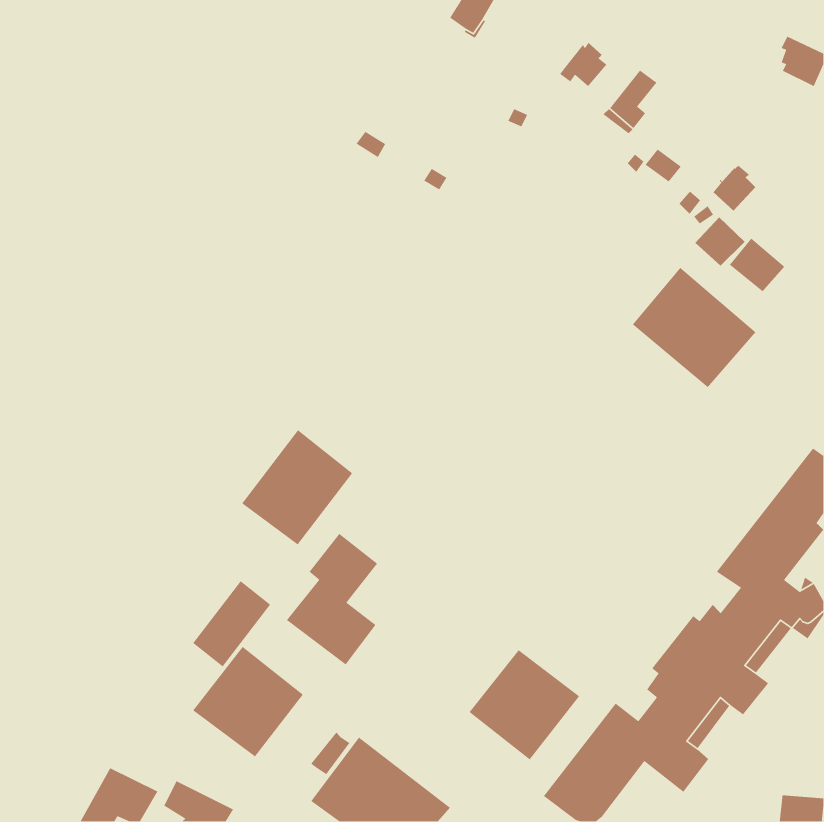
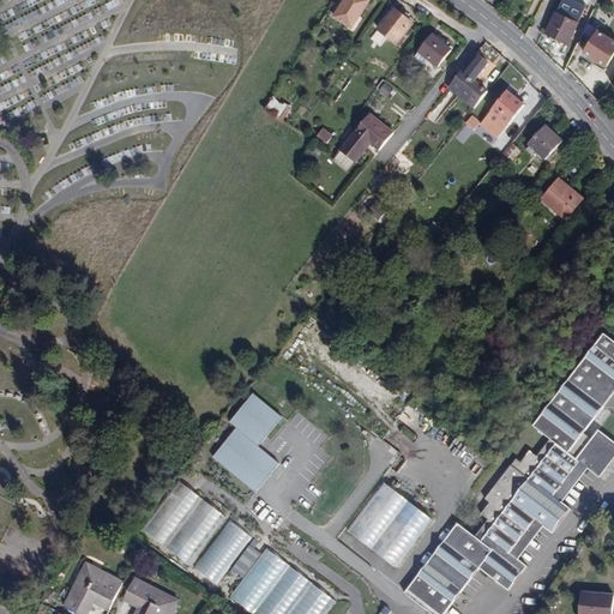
building: none -> [378,7,415,42]
building: none -> [546,10,577,41]
building: none -> [490,86,523,122]
building: none -> [339,112,392,161]
building: [695,216,745,266] -> none
building: [632,267,756,388] -> none
building: [241,429,353,546] -> none
building: [192,580,271,667] -> [193,518,252,583]

